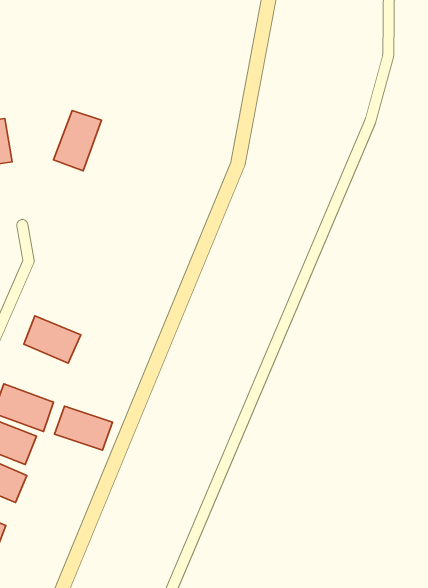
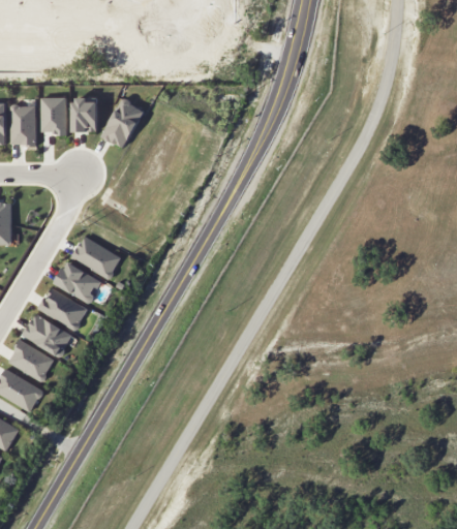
building: none -> [72,97,97,132]
building: none -> [71,236,122,278]
building: [54,406,112,450] -> [38,288,87,329]

